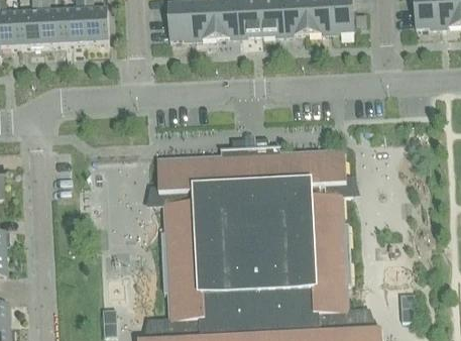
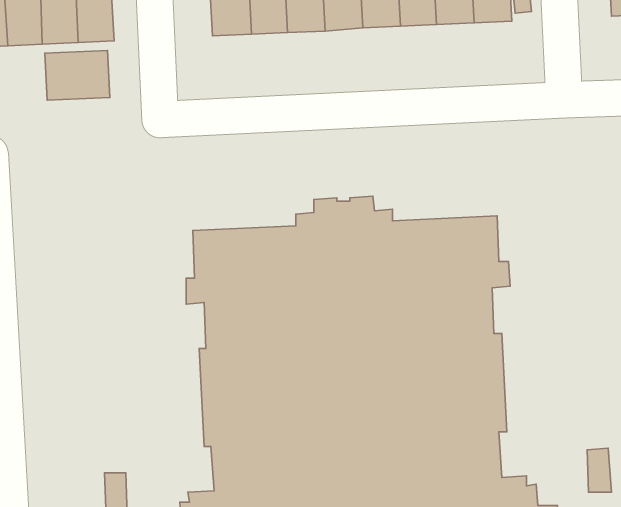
building: none -> [45,50,110,100]

